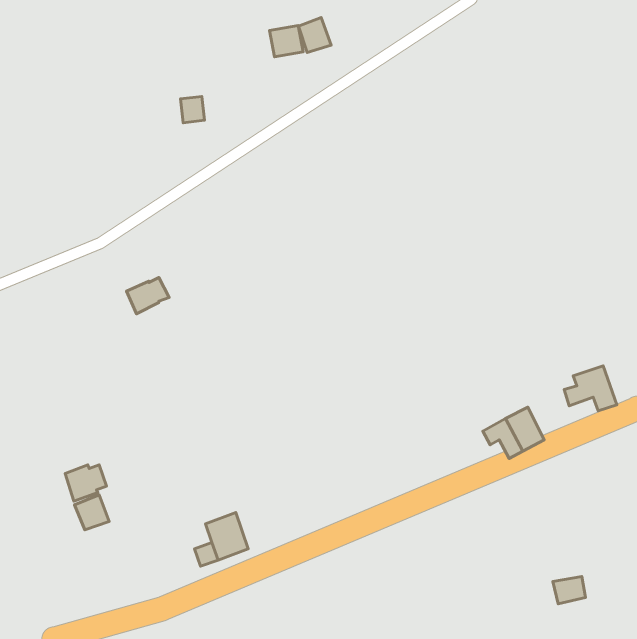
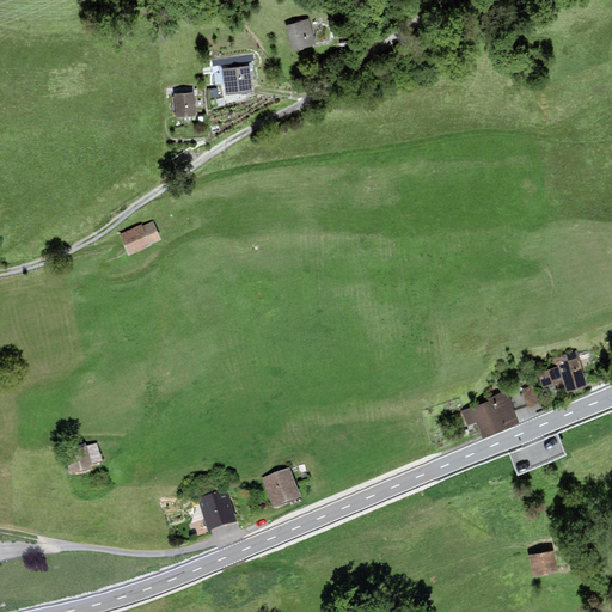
building: [269,26,303,57] -> [220,65,252,94]
building: [126,277,169,314] -> [118,220,159,255]
building: none -> [262,469,300,510]
building: [75,495,109,530] -> none

